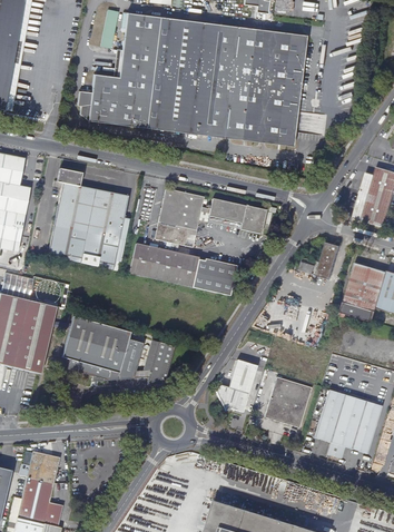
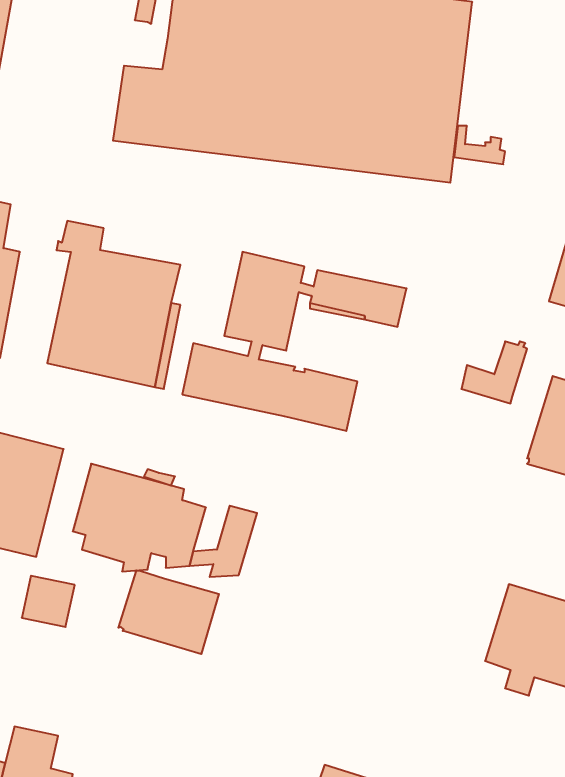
building: [216,358,257,412] -> none
building: [265,376,312,427] -> none
building: none -> [118,570,219,654]
building: [27,451,59,482] -> [22,576,75,627]

